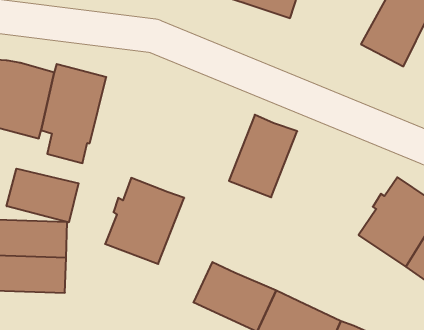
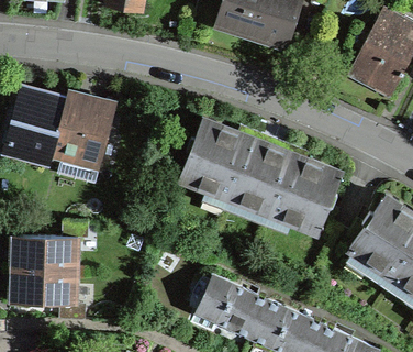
building: none -> [268,154,342,235]
building: [7,169,79,222] -> none
building: [105,178,184,264] -> [179,120,253,200]

